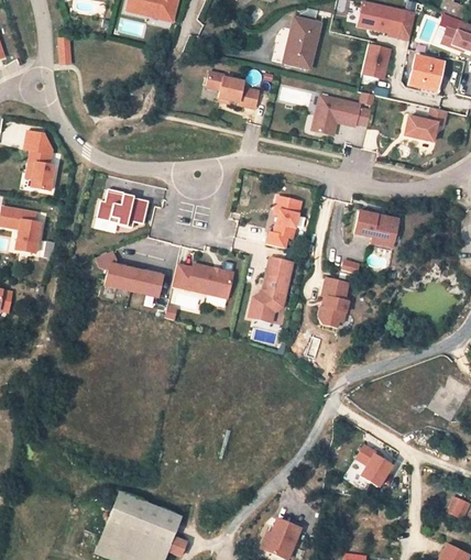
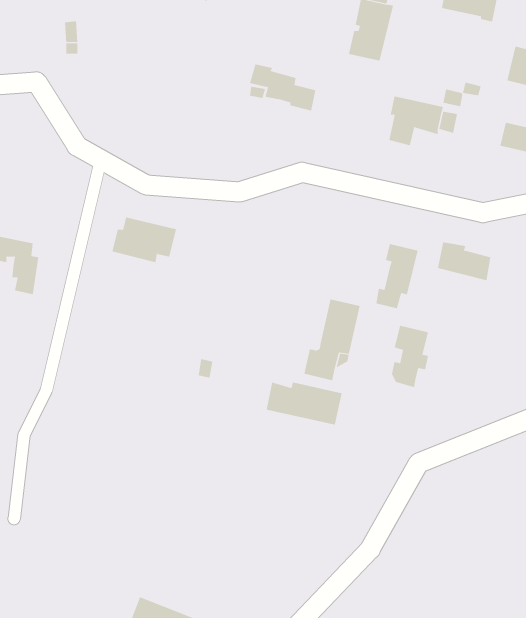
building: [360,44,388,79] -> none
building: [24,130,54,189] -> none
building: [267,196,302,248] -> [375,244,419,309]
building: [106,261,164,298] -> none
building: [173,263,233,297] -> [266,382,342,425]
building: [355,444,394,487] -> none

